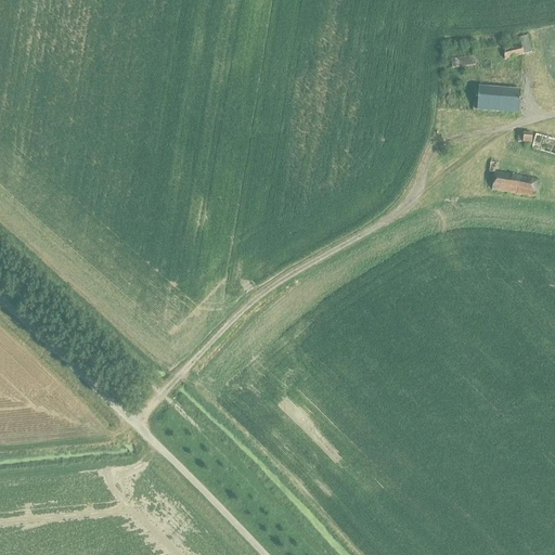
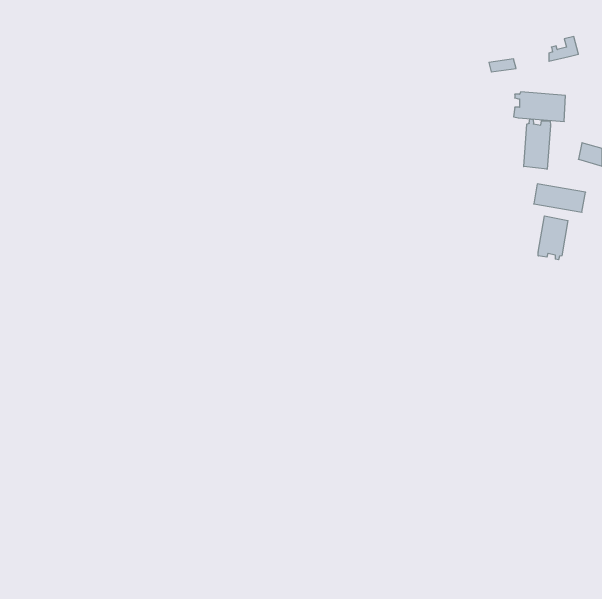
building: none -> [524,119,550,169]
building: none -> [538,216,568,260]

